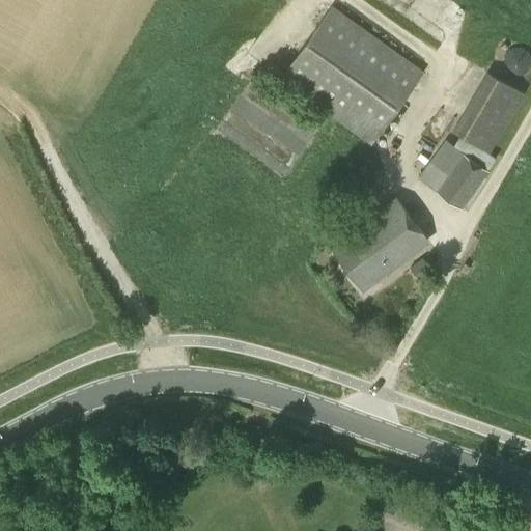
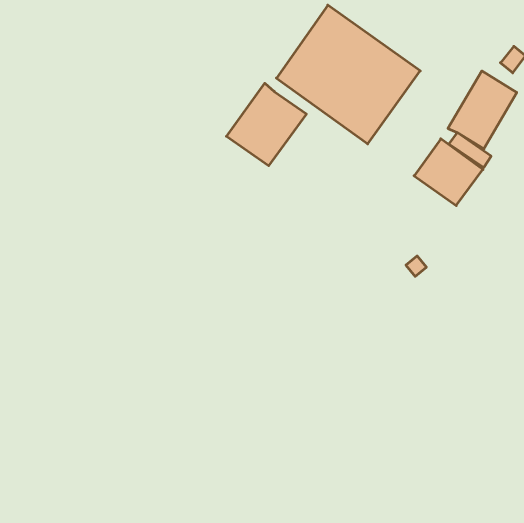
building: none -> [226,83,306,166]
building: [333,198,428,287] -> none

